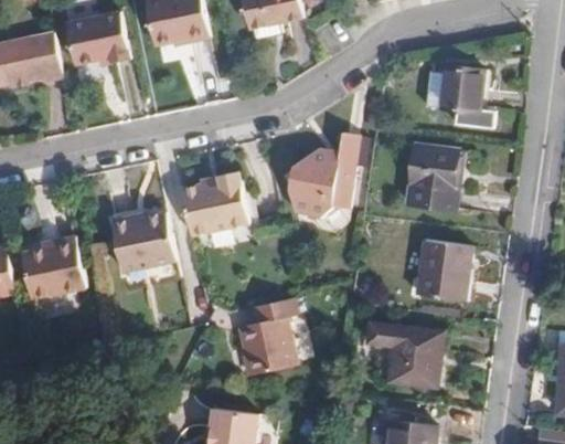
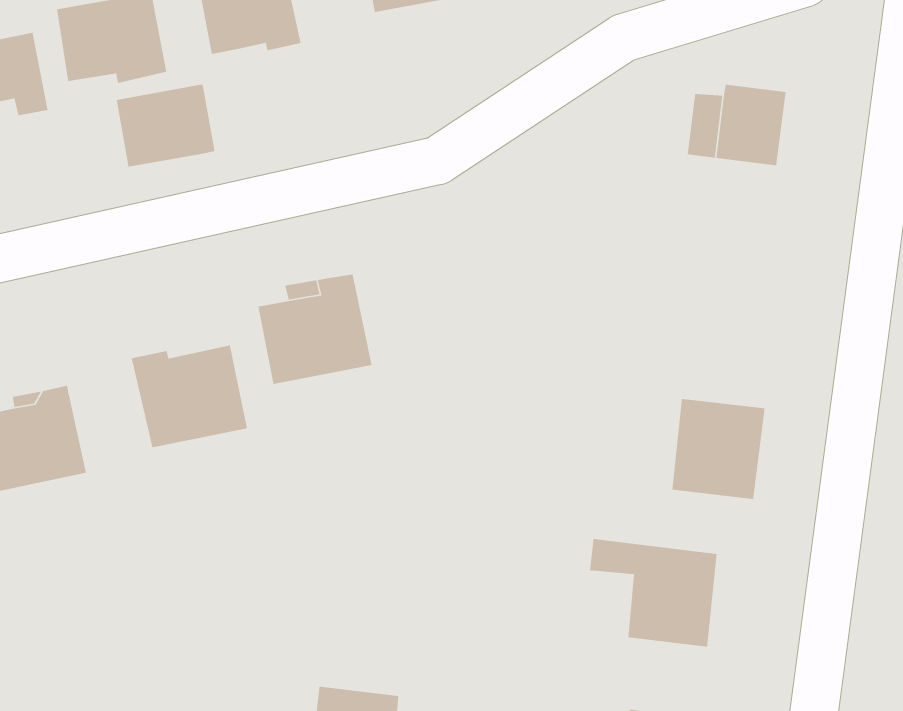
building: none -> [116,84,215,168]
building: [282,133,358,215] -> none
building: [408,147,461,210] -> none
building: [232,299,290,372] -> none

